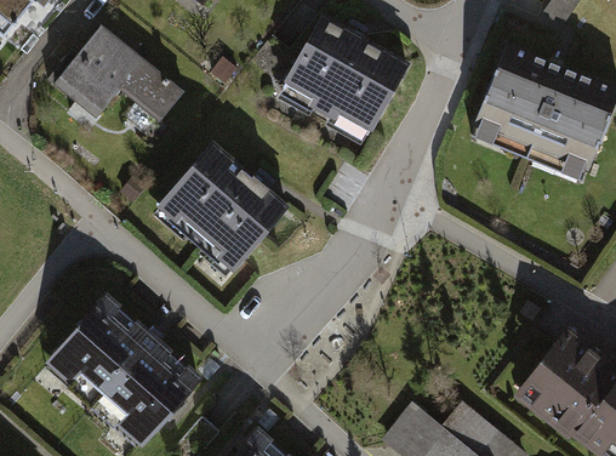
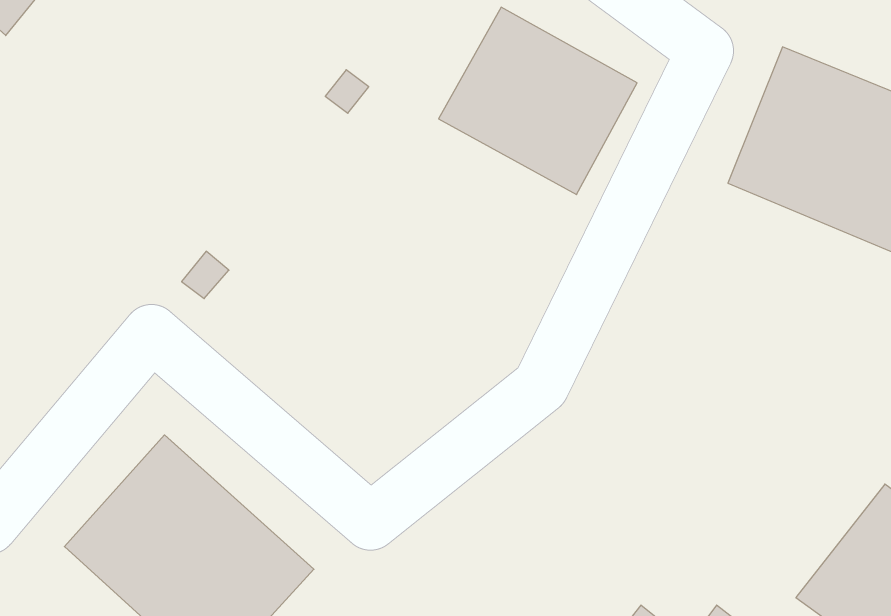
building: [55,27,179,121] -> none
building: [152,136,287,269] -> none

